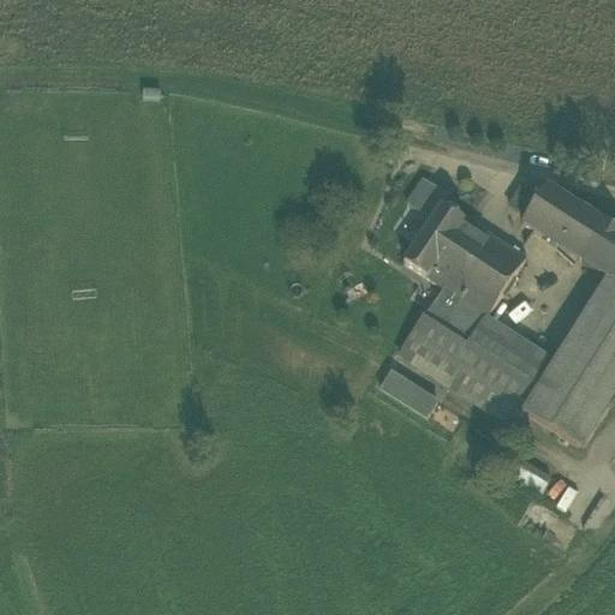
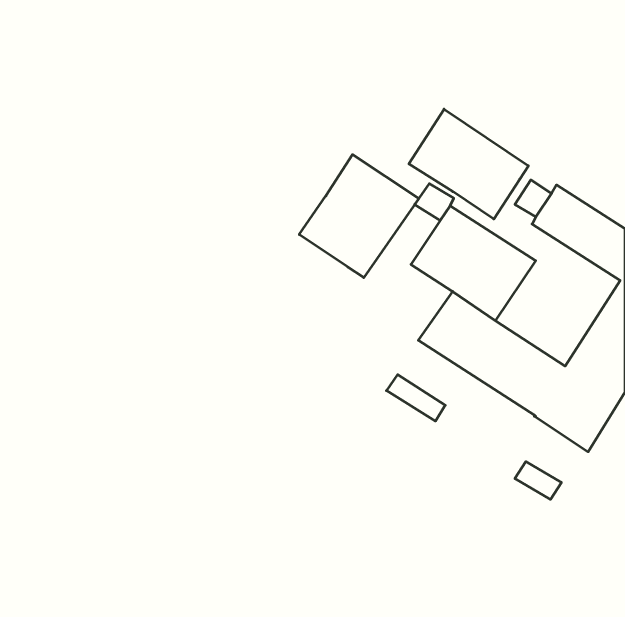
building: none -> [409,109,528,219]
building: none -> [299,155,419,278]
building: [400,334,525,424] -> none

